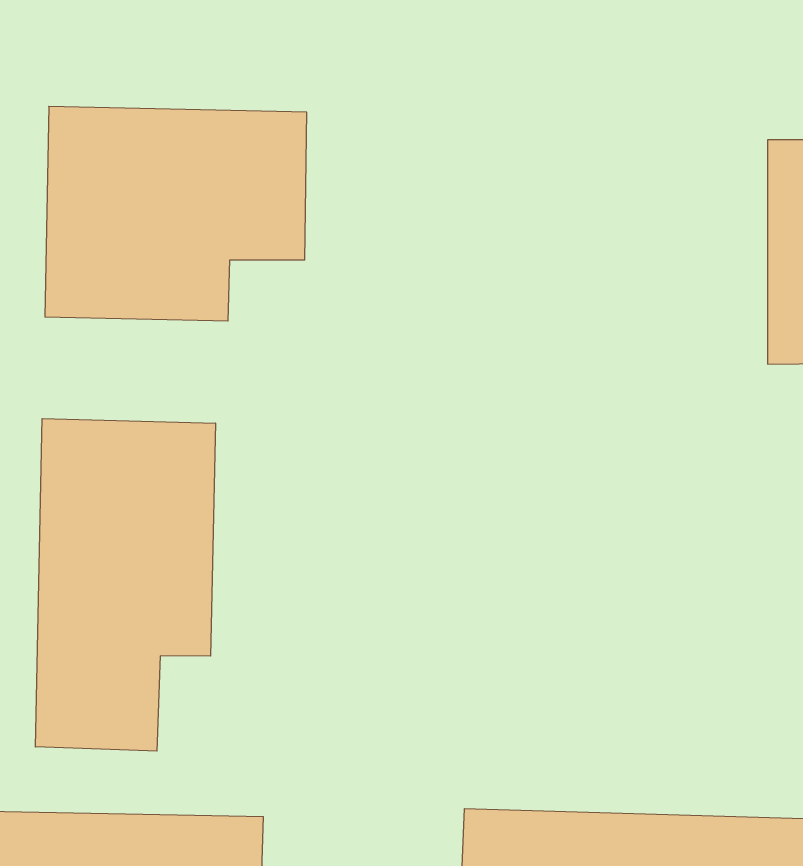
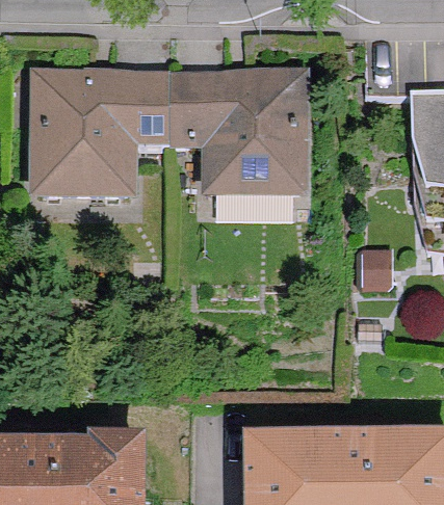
building: none -> [168,72,307,200]
building: [35,419,215,751] -> none

